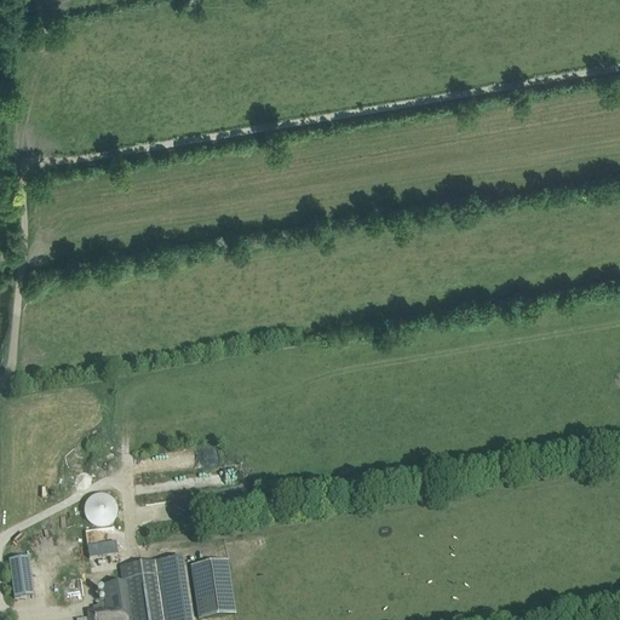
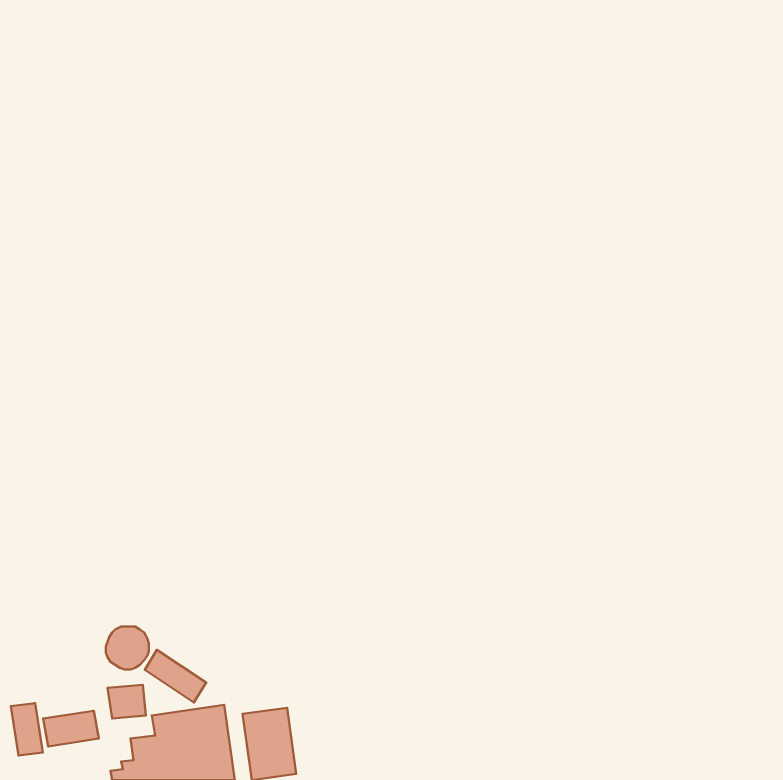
building: none -> [145,650,206,703]
building: none -> [43,711,99,746]

